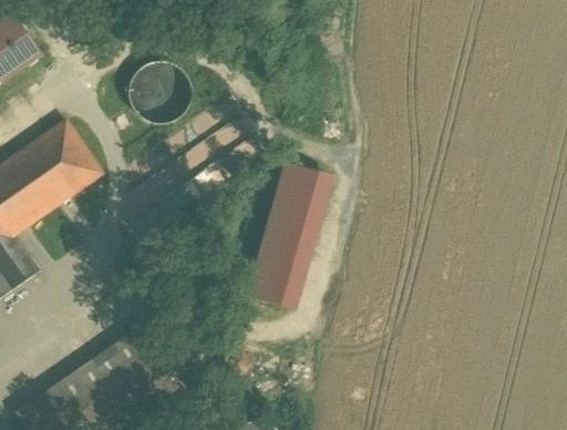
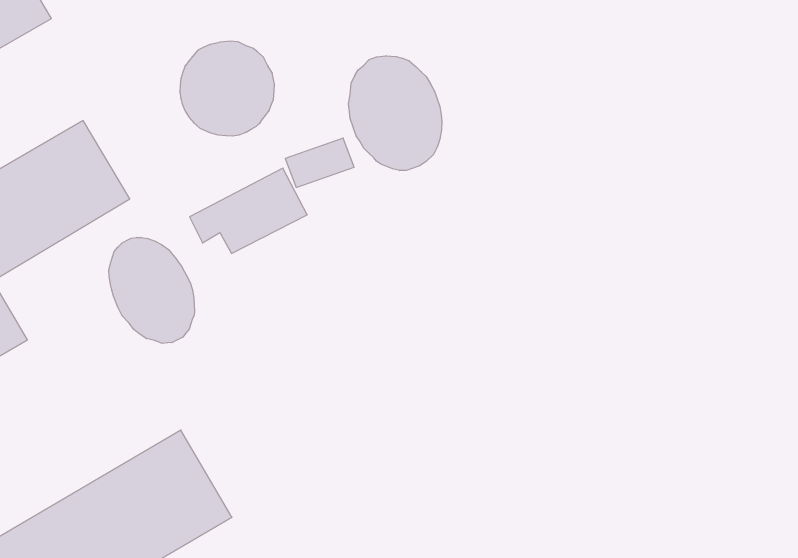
building: none -> [348,56,442,171]
building: [248,160,333,309] -> none
building: none -> [109,237,195,343]

